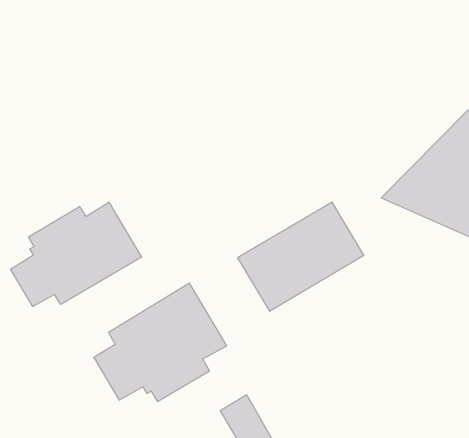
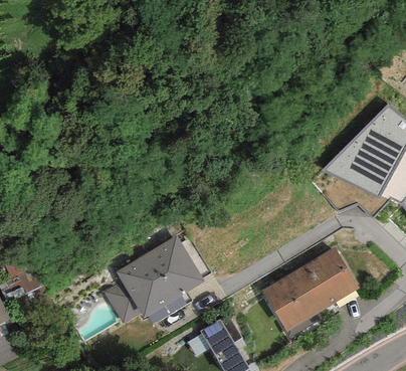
building: [238,202,364,311] -> [262,248,358,331]
building: [11,202,142,307] -> none

